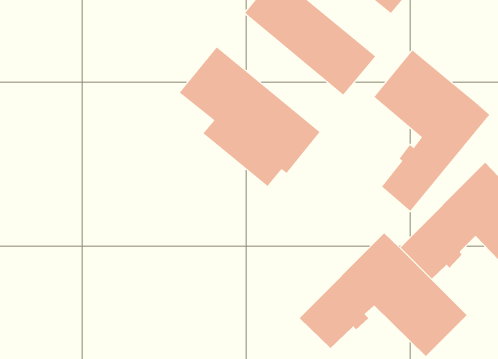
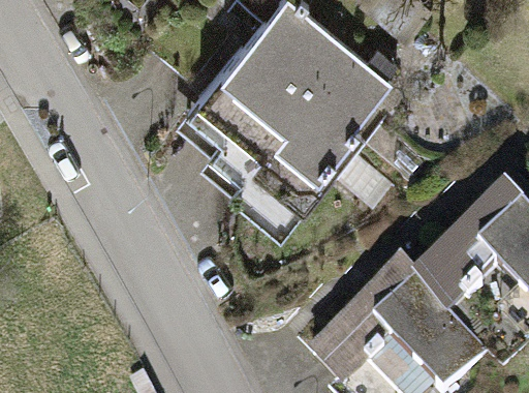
building: none -> [228,28,362,152]
building: [373,50,490,212] -> none

